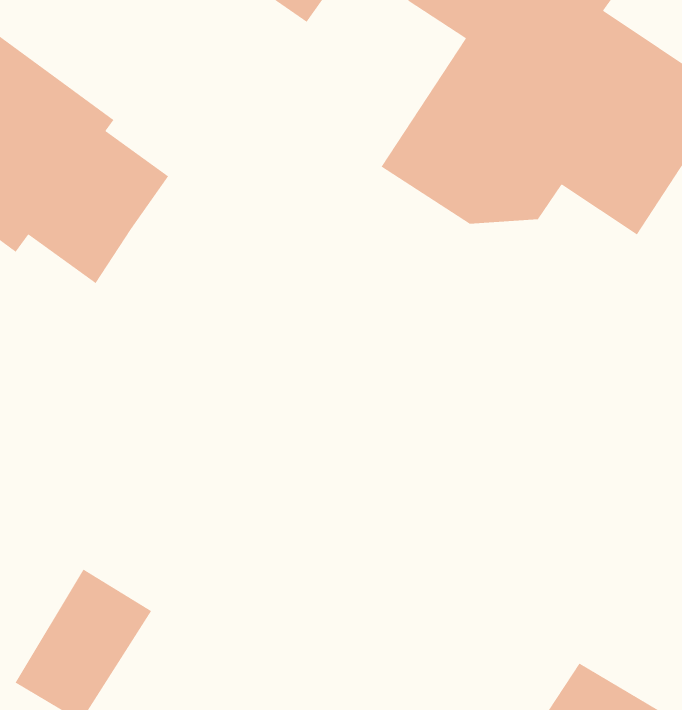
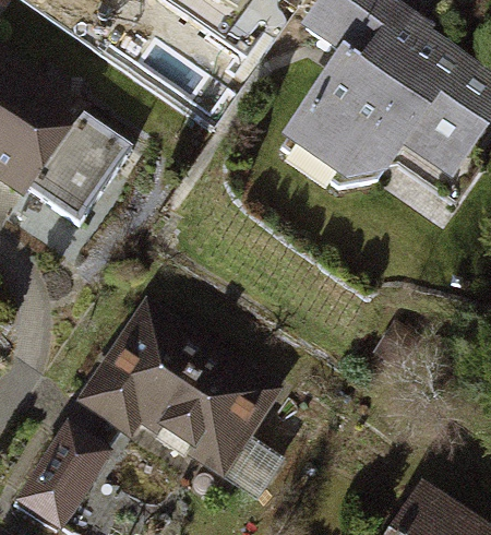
building: none -> [81,299,284,474]

